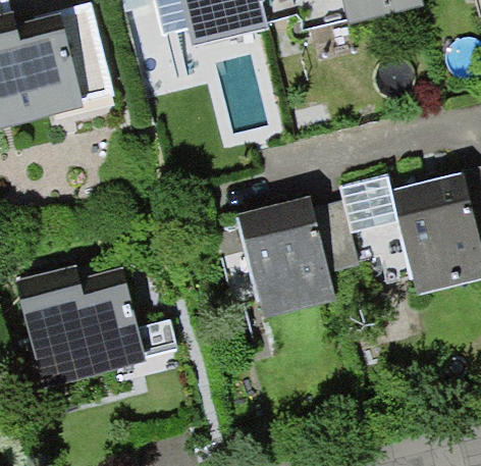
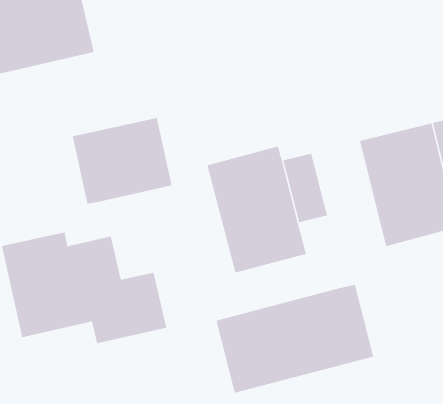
building: none -> [72,117,172,205]
building: none -> [216,284,374,393]

